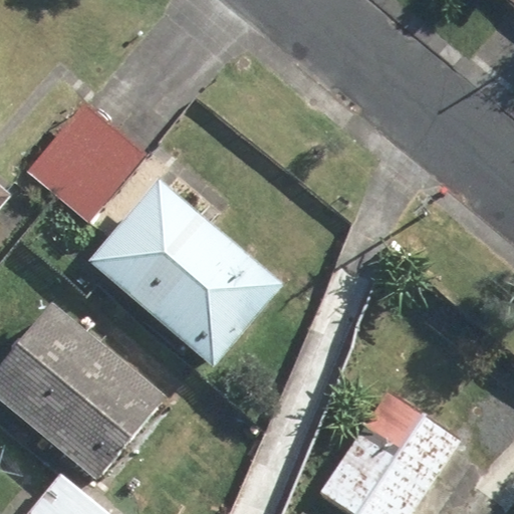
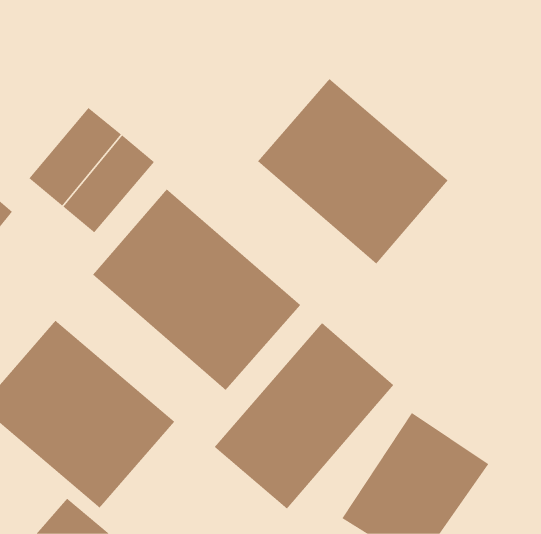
building: none -> [257,78,448,264]
building: none -> [214,322,394,510]

